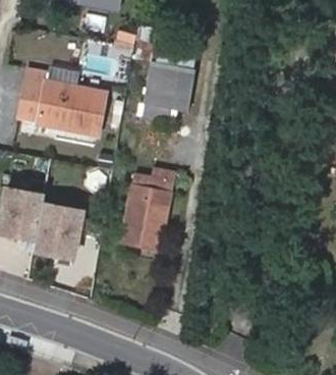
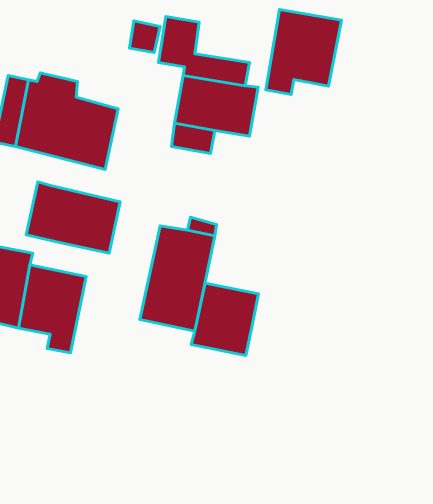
building: none -> [266,9,342,95]
building: none -> [26,182,120,253]
building: none -> [191,283,259,356]

